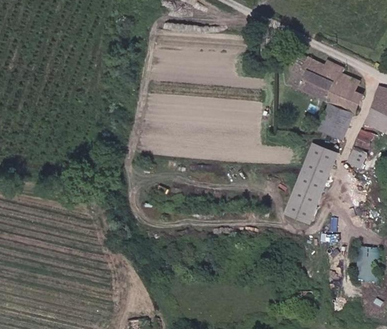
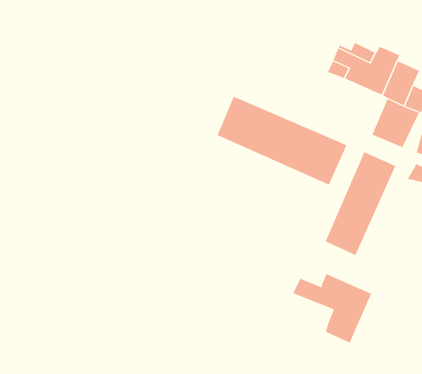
building: none -> [217,96,347,186]
building: none -> [293,273,372,344]

